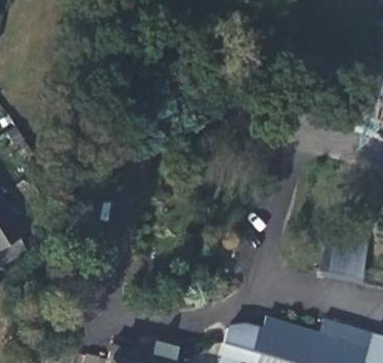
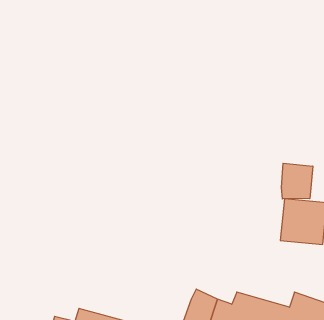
building: none -> [282,163,313,199]

